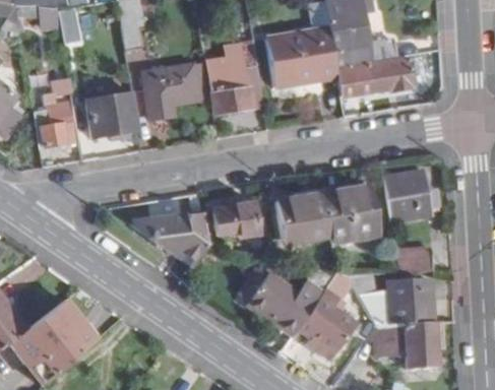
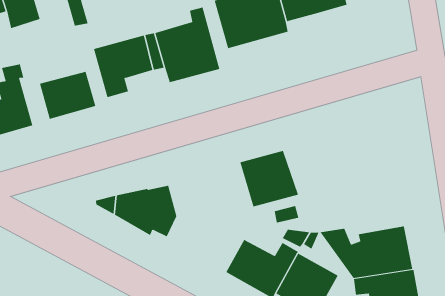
building: [335,56,414,95] -> none
building: [381,171,440,222] -> none
building: [319,184,378,245] -> none
building: [208,203,256,241] -> none
building: [393,247,433,272] -> none

